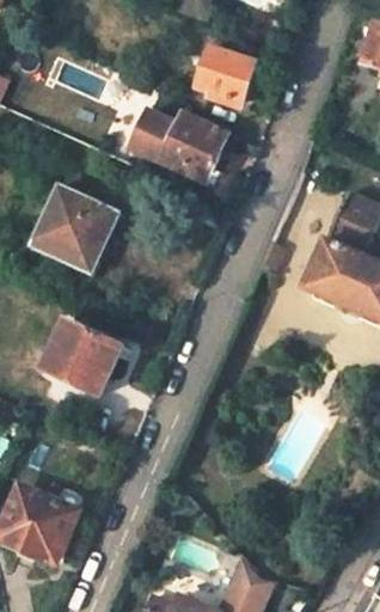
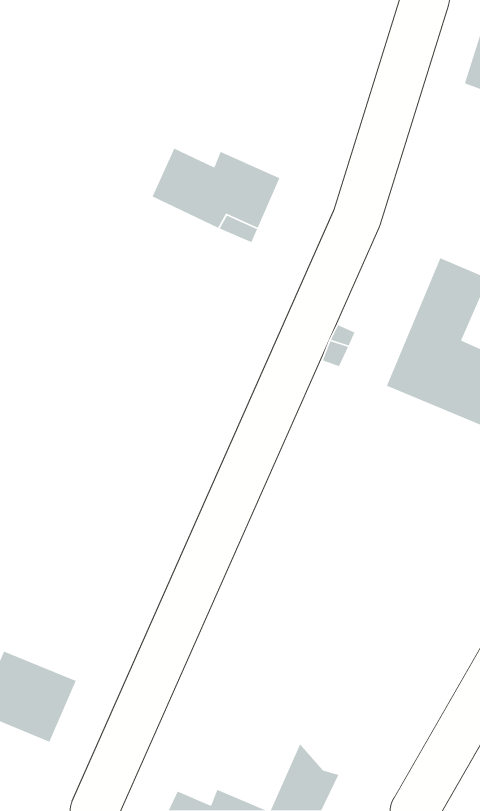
building: [195,48,253,103] -> none
building: [32,186,109,262] -> none
building: [42,323,119,397] -> none

